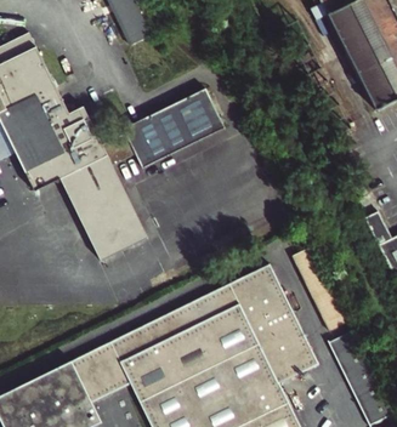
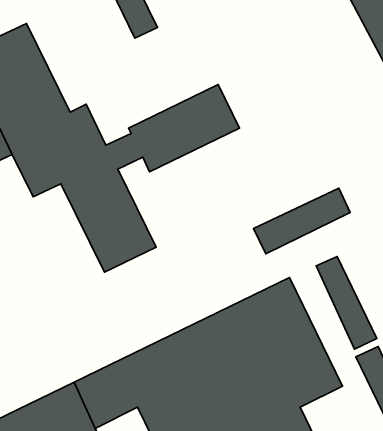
building: none -> [253,188,350,254]

